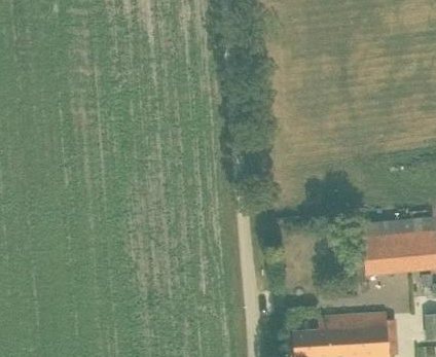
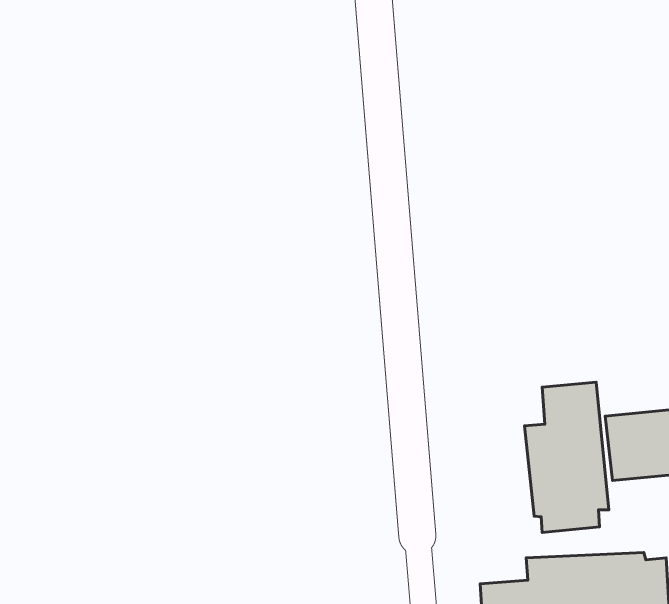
building: none -> [524,382,609,532]

